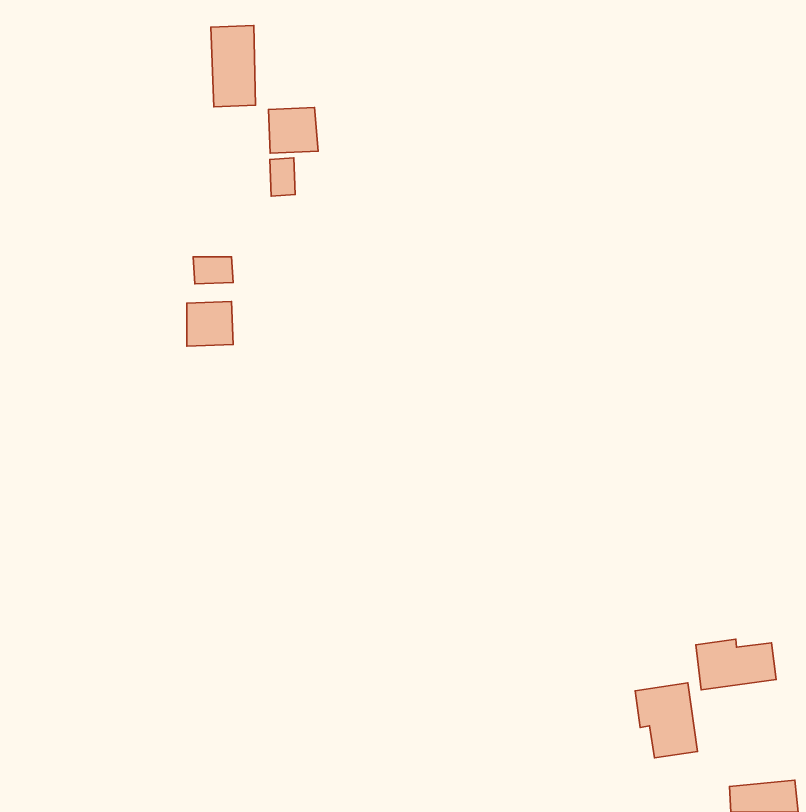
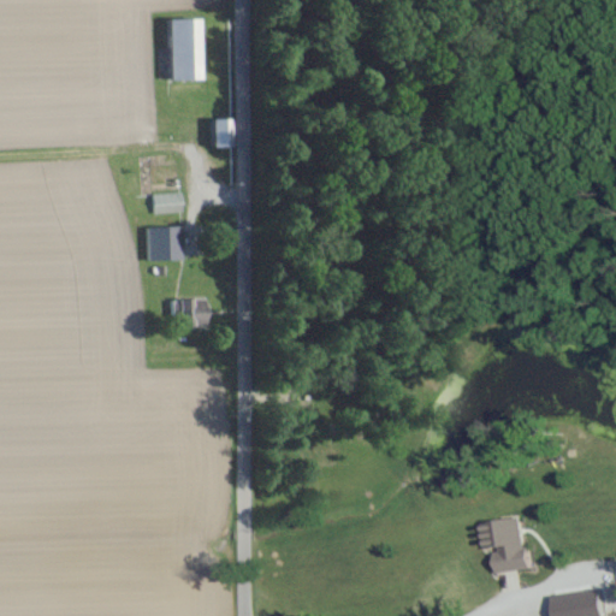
building: [268,107,318,153] -> none
building: none -> [177,300,203,327]
building: [696,639,776,690] -> none

